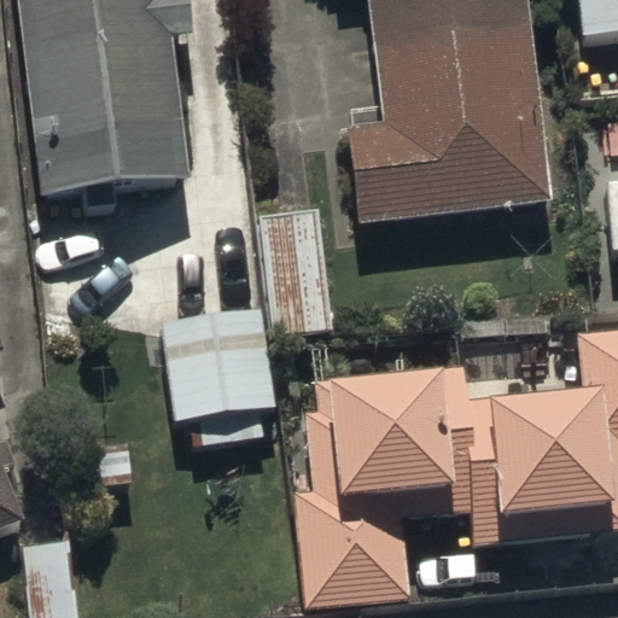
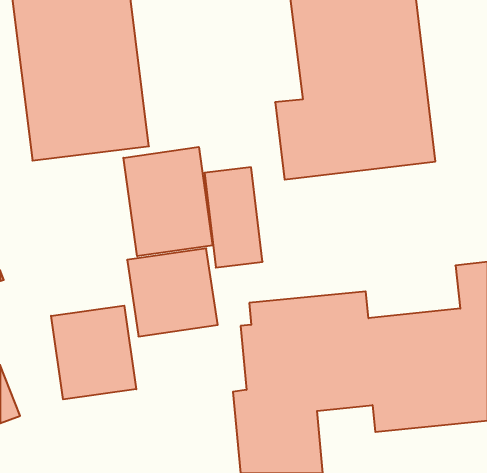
building: none -> [123,147,213,256]
building: none -> [51,306,136,399]

